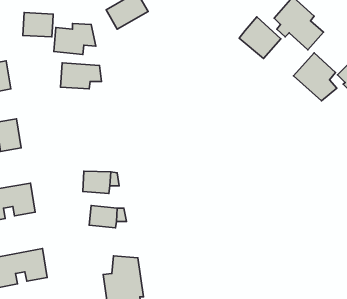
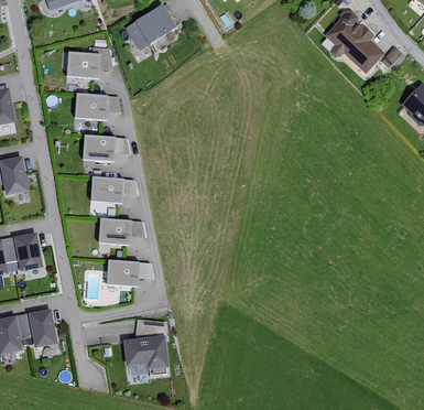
building: [23,13,53,37] -> none
building: [239,17,281,58] -> none
building: [294,53,337,101] -> none
building: none -> [80,133,129,163]
building: none -> [89,175,137,205]

